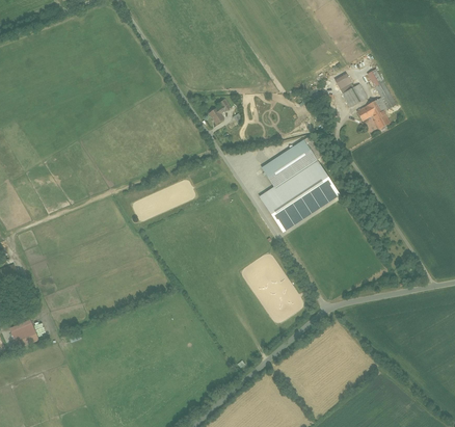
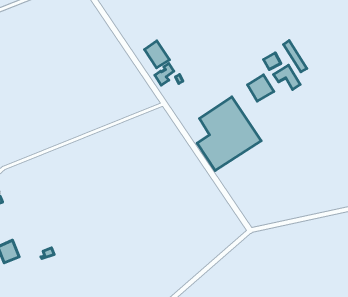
building: none -> [144,41,170,68]
building: none -> [248,75,274,101]

